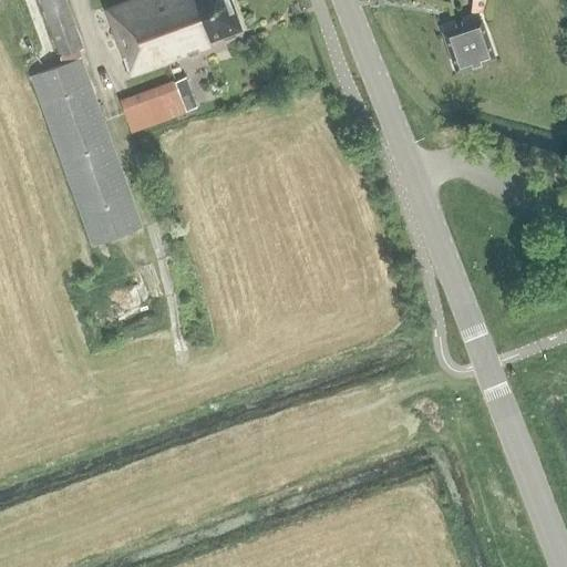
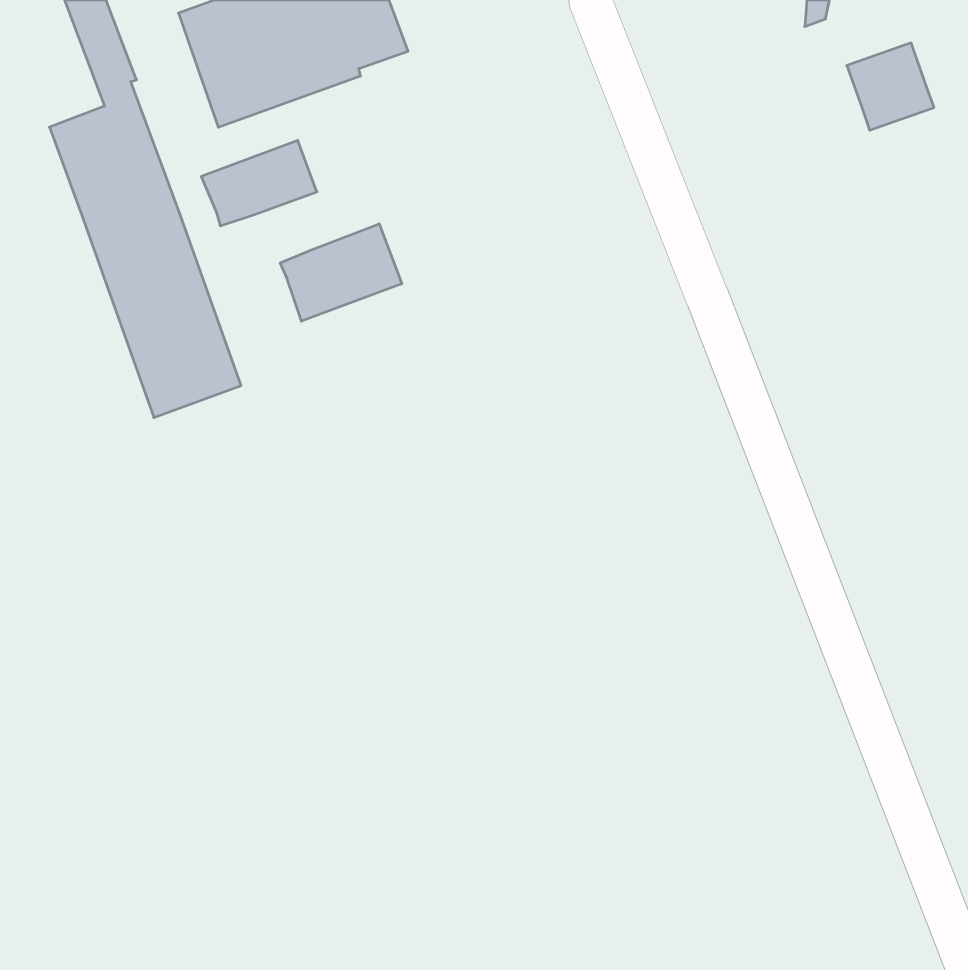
building: [443,18,494,69] -> [847,43,934,130]
building: none -> [280,224,402,321]

